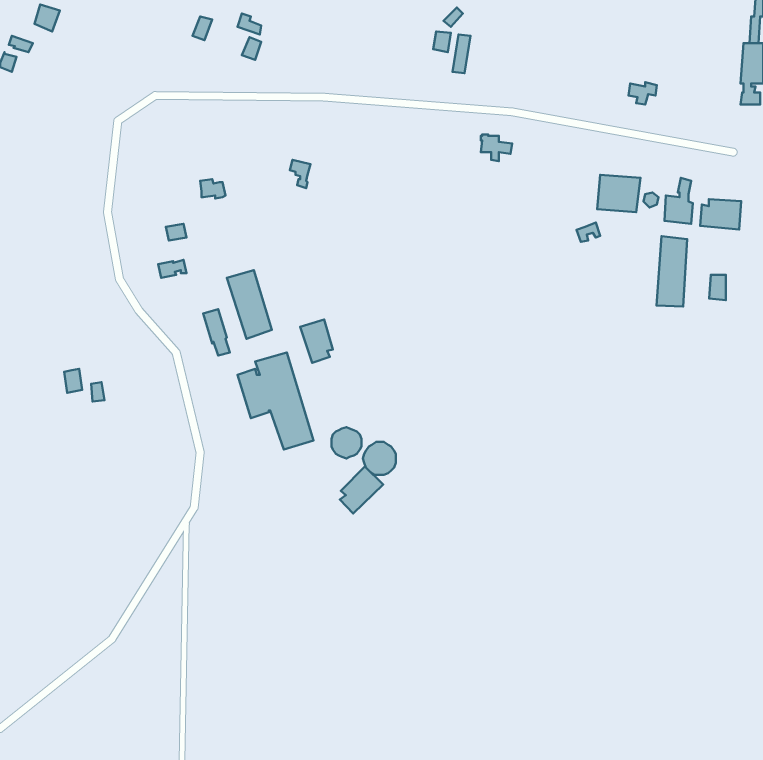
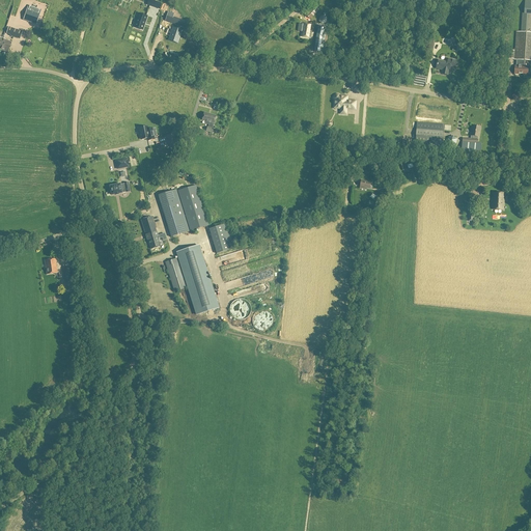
building: [700,199,741,229] -> none
building: [657,236,687,306] -> none
building: none -> [177,184,208,229]
building: [340,466,383,513] -> none

